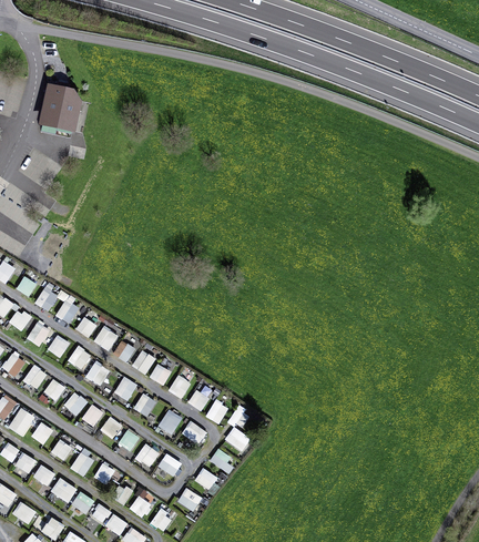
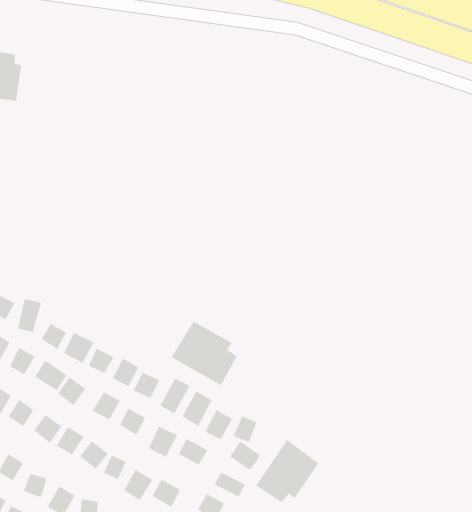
building: none -> [171,321,237,386]
building: none -> [256,439,319,503]

